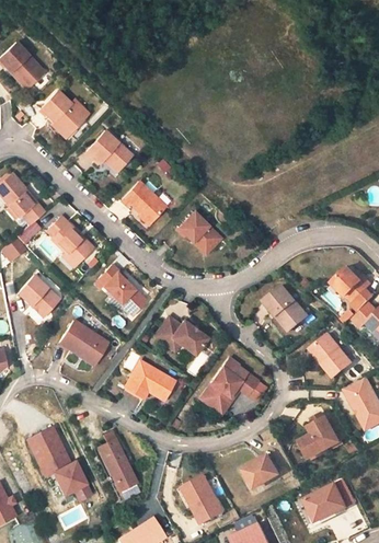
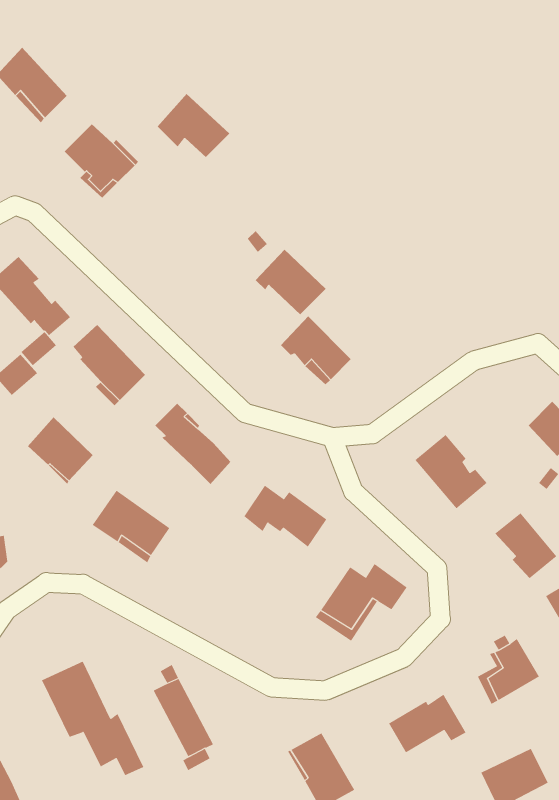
building: [87,130,133,171] -> [157,93,230,158]
building: [120,182,165,223] -> [255,249,326,315]
building: [123,361,173,401] -> none

